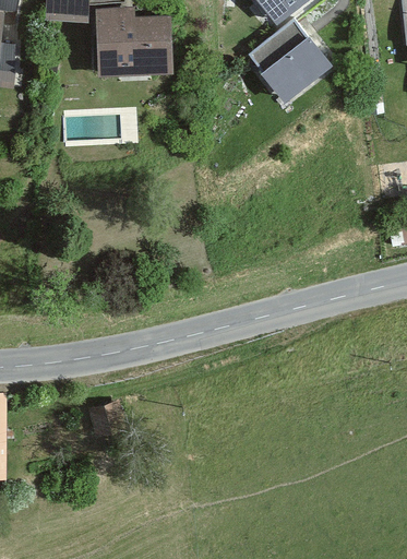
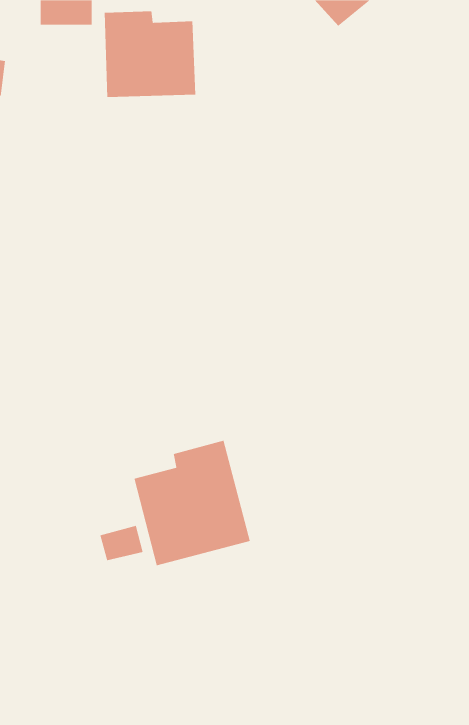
building: [246,20,328,102] -> none
building: none -> [134,440,250,566]

